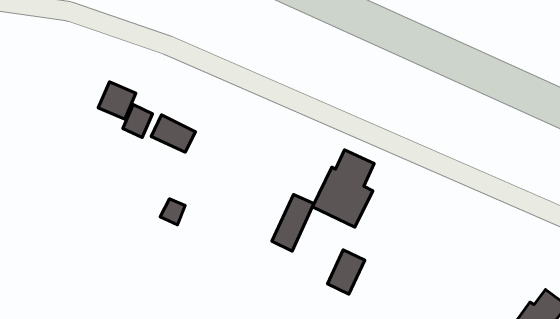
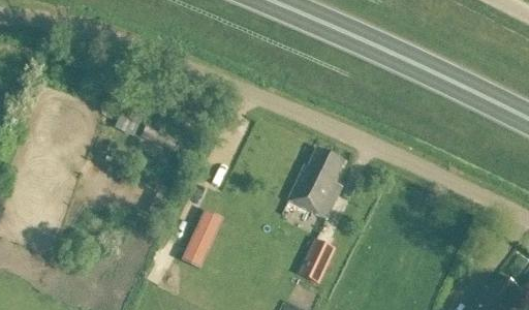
building: [98,82,136,119] -> none
building: [272,194,314,251] -> [184,212,222,264]

